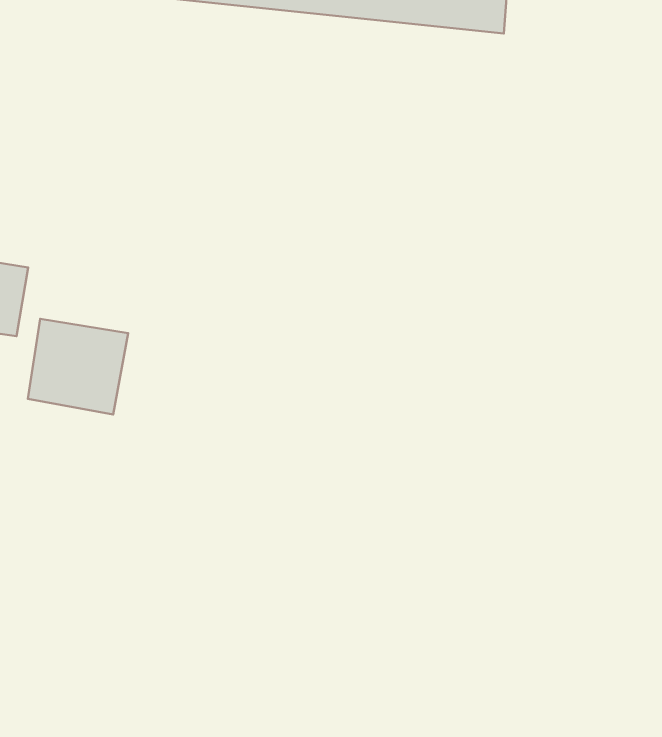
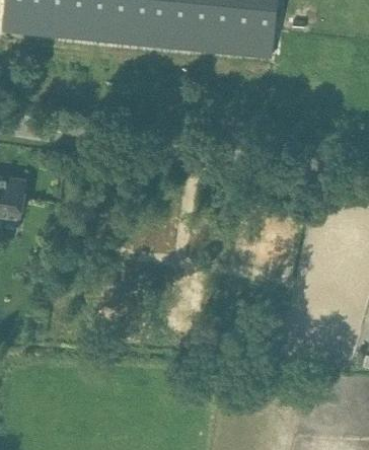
building: [28,319,128,415] -> none

